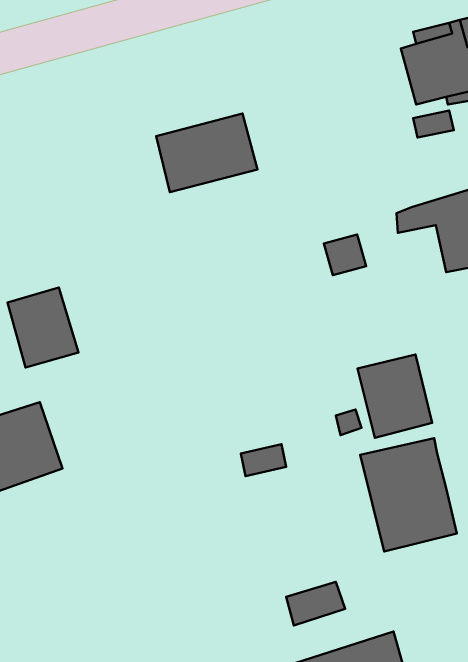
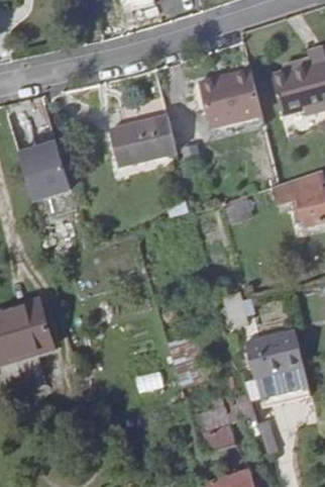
building: none -> [199,67,262,126]
building: [7,287,78,368] -> [23,148,71,201]
building: [358,354,432,438] -> none

